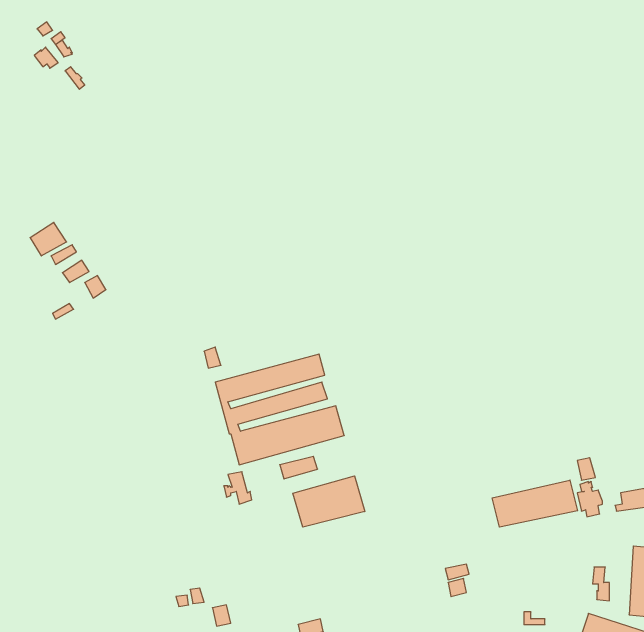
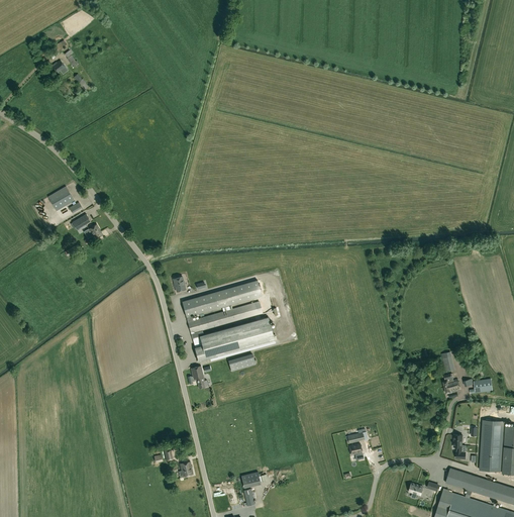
building: [293,476,365,527] -> none
building: [492,480,578,527] -> none

